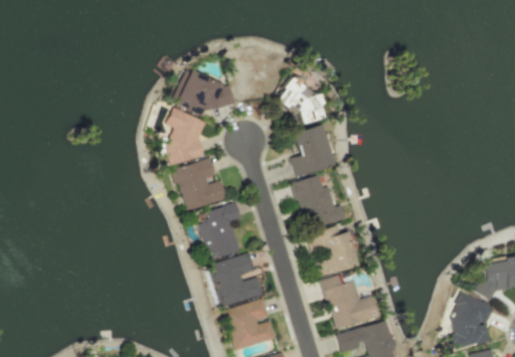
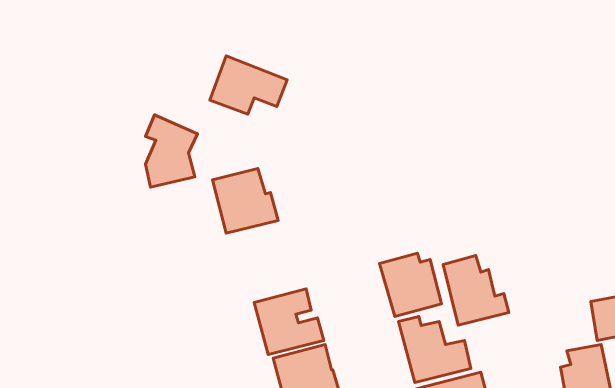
building: [277,79,325,126] -> none
building: [166,108,207,165] -> [146,115,197,187]
building: [292,124,333,176] -> none
building: [294,175,346,230] -> [443,256,509,325]
building: [199,202,241,260] -> none

